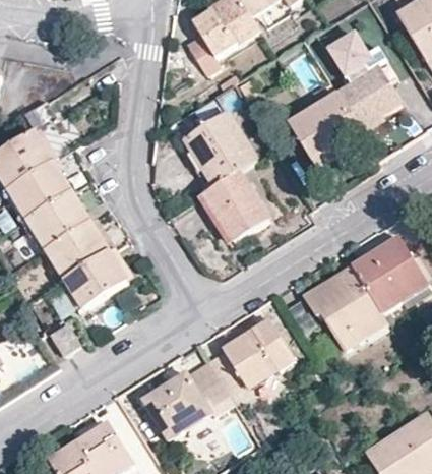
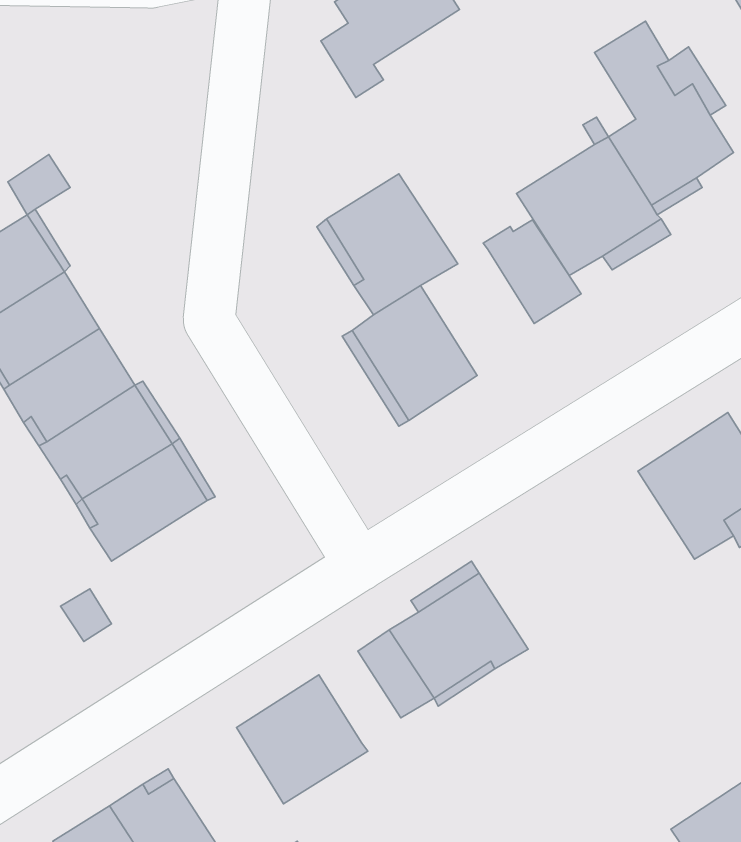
building: none -> [483,220,581,324]
building: [304,265,385,347] -> none
building: [185,359,228,407] -> none

